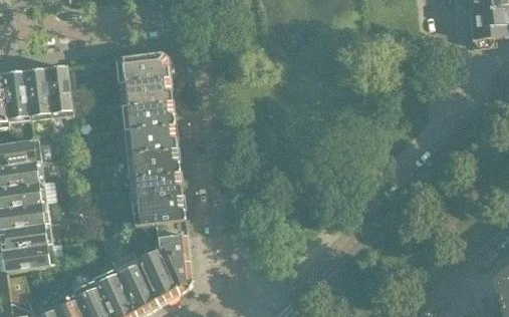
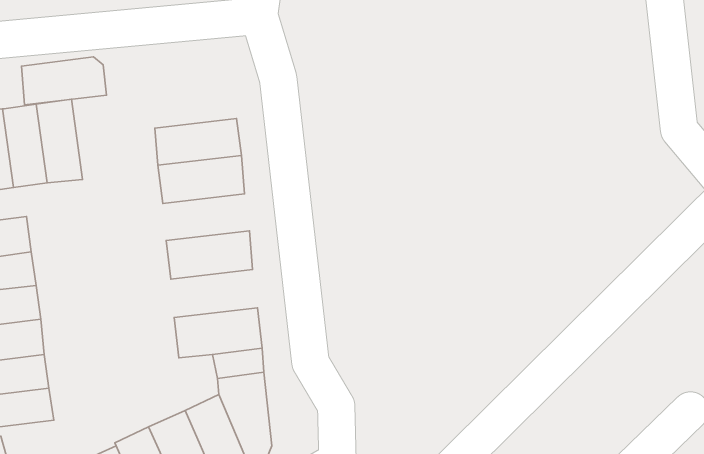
building: [115,51,169,81] -> [21,57,106,105]
building: [122,122,177,151] -> none
building: [128,170,182,200] -> none

